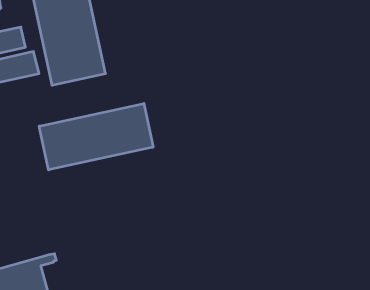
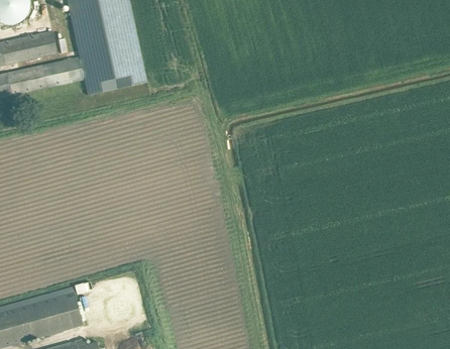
building: [39,103,153,170] -> none

